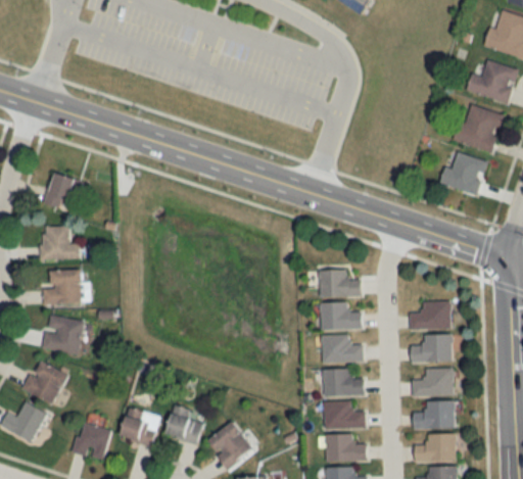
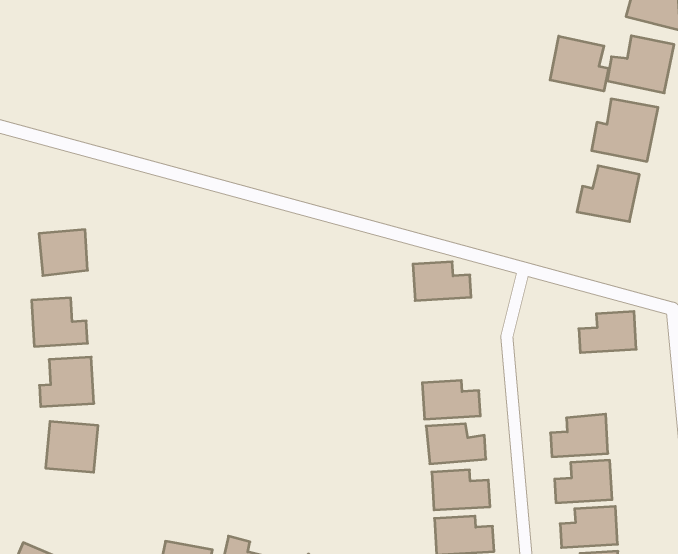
building: none -> [550,36,609,91]
building: [319,270,360,296] -> [413,262,471,301]
building: [410,301,450,329] -> [579,311,636,353]
building: [22,360,67,403] -> none

